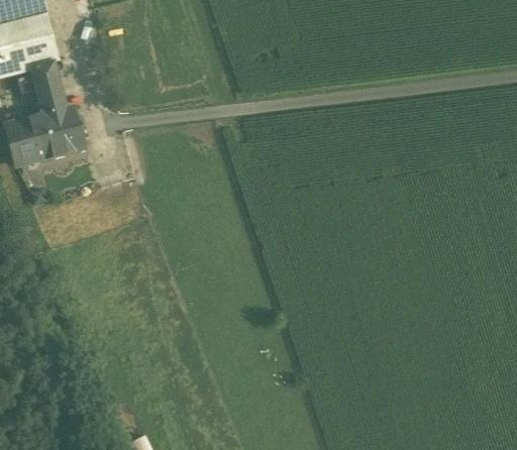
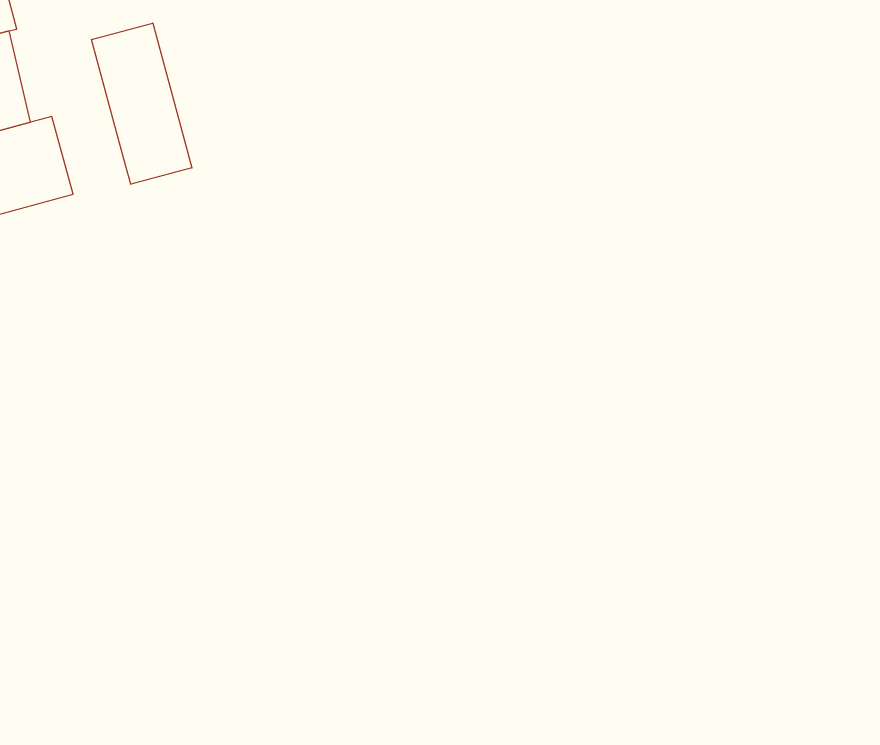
building: none -> [92,23,192,184]

